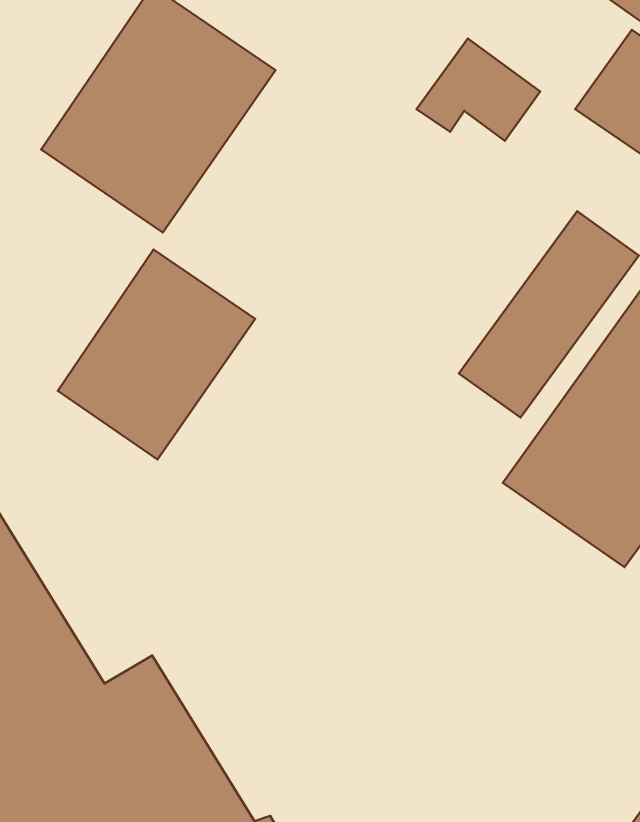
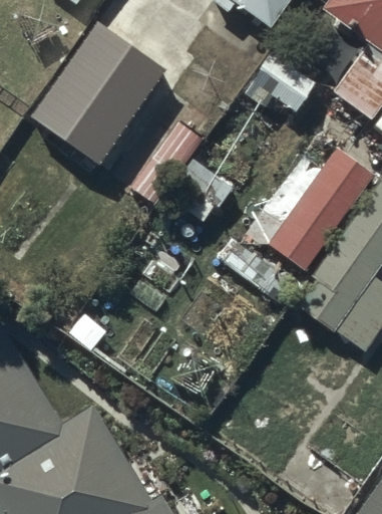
building: [58,249,255,460] -> none

